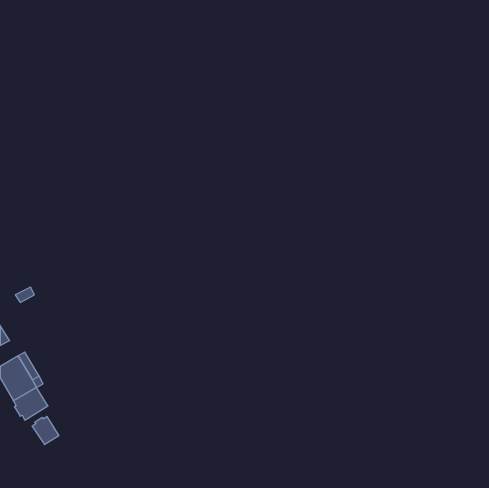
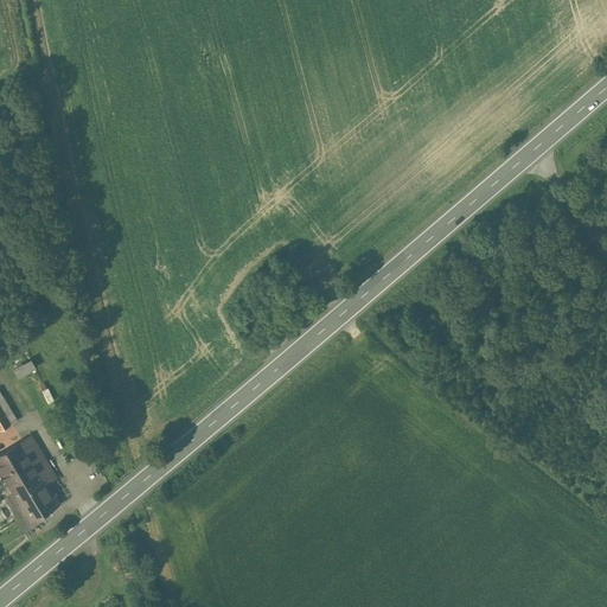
building: [32,416,59,445] -> none

